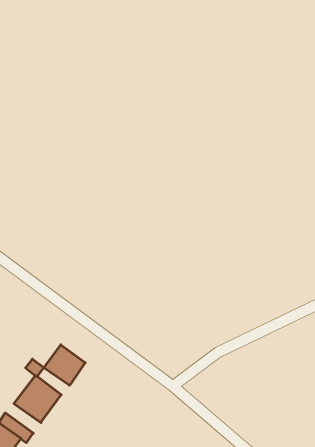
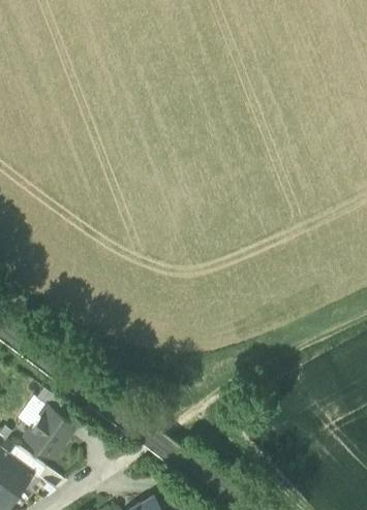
building: [44,345,85,385] -> none

